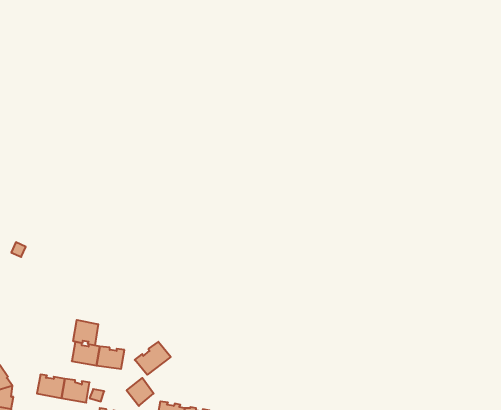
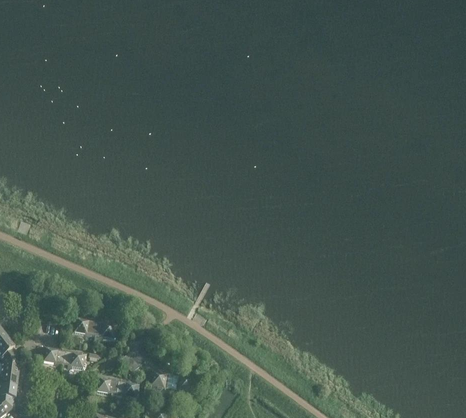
building: [73,320,98,345] -> none
building: [135,342,171,375] -> none

